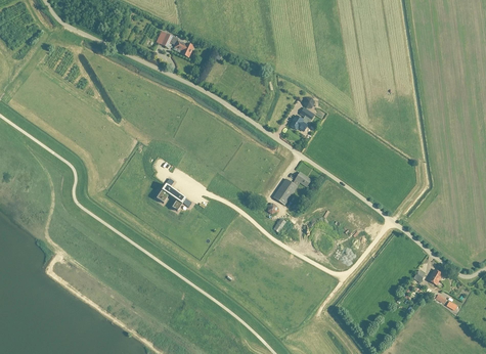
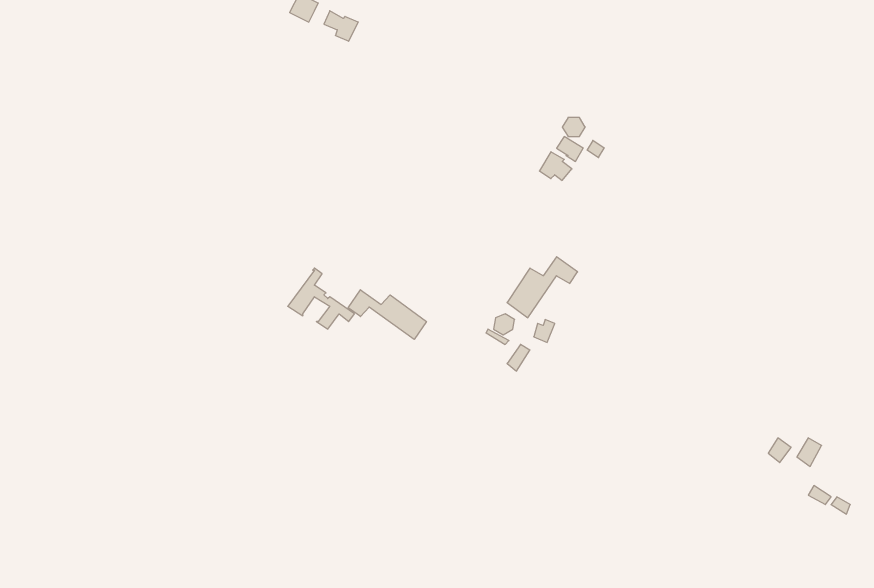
building: none -> [348,290,426,339]

